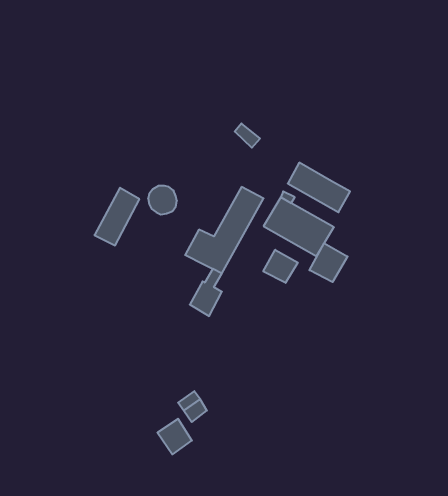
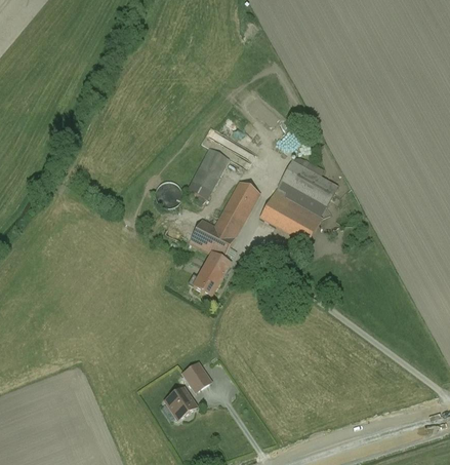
building: [94,188,139,245] -> [188,147,228,198]
building: [309,243,348,282] -> none
building: [263,250,298,283] -> none

